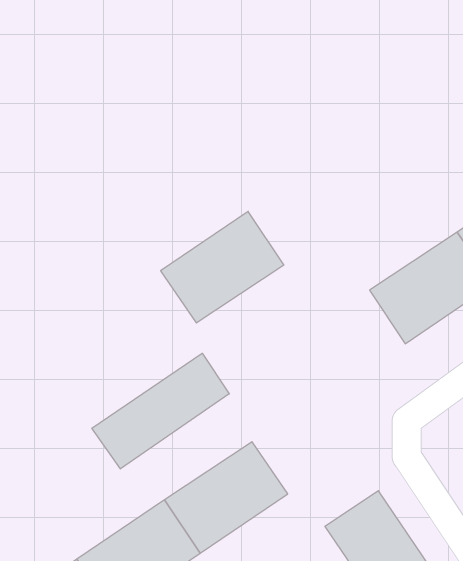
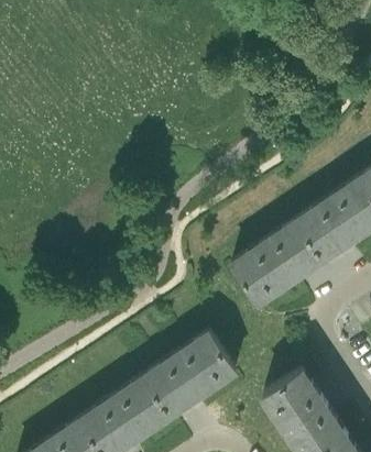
building: [161,211,284,323] -> [230,221,321,304]
building: [92,353,229,469] -> none

